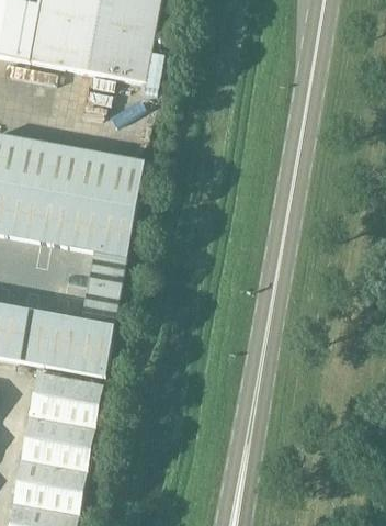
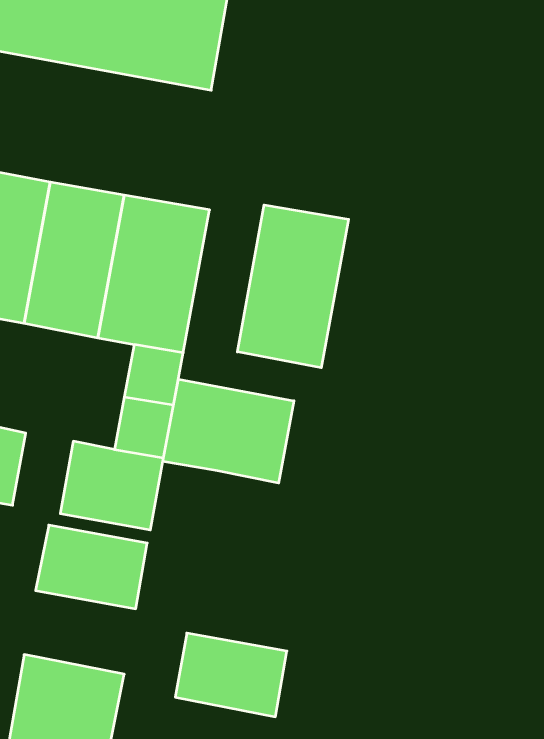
building: none -> [237,205,349,368]
building: none -> [163,379,294,483]
building: [12,310,53,363] -> none
building: [20,415,94,471] -> [175,633,287,717]

